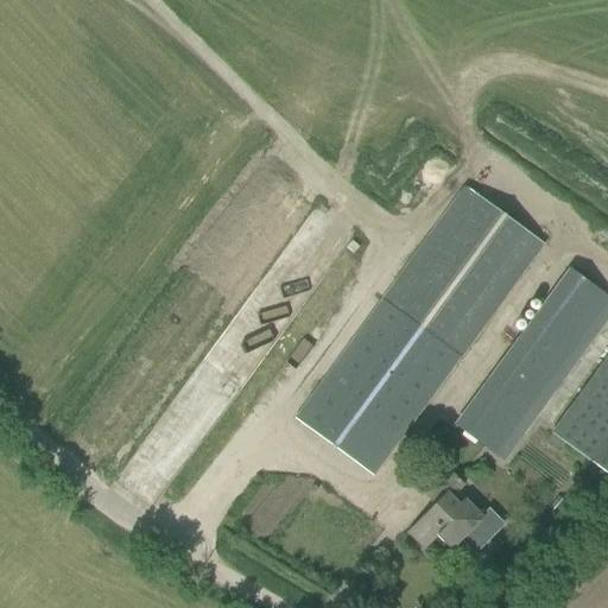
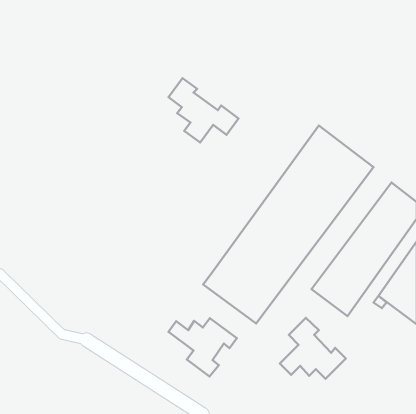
building: none -> [168,78,238,142]
building: none -> [168,318,237,377]

